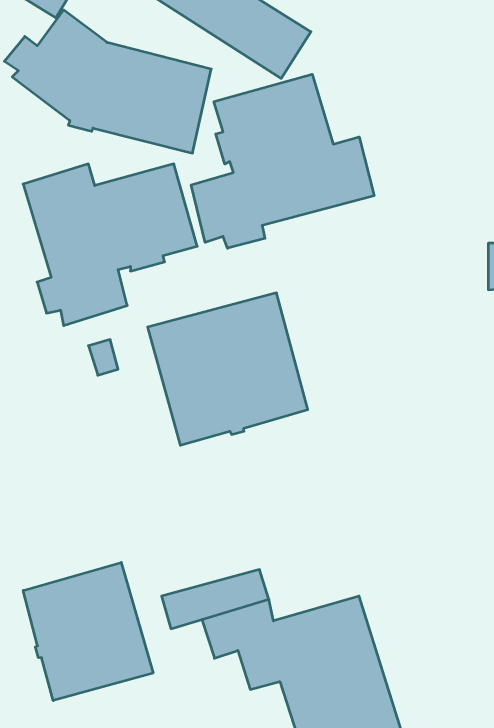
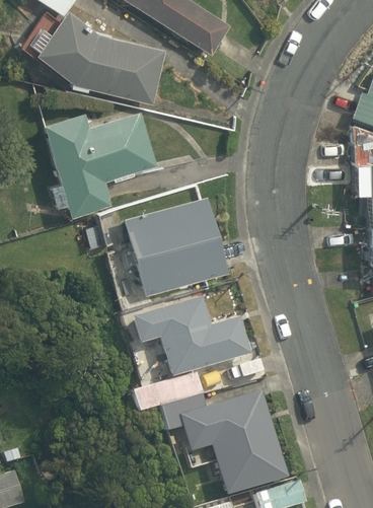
building: [191,74,374,248] -> none
building: none -> [135,299,252,379]
building: [23,562,153,701] -> none

